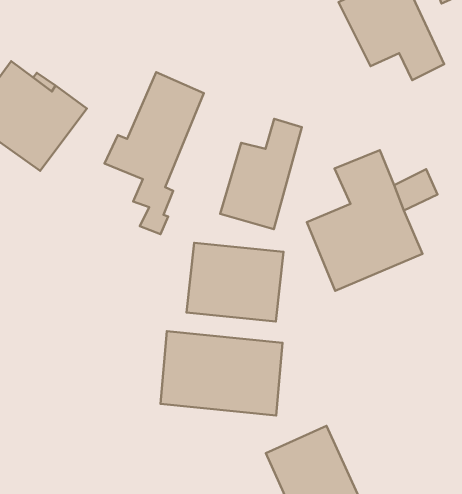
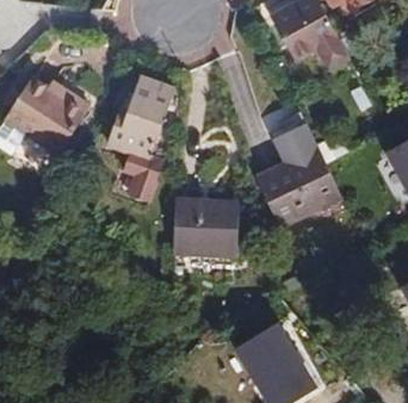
building: [220,119,302,229] -> none
building: [160,331,282,416] -> none

